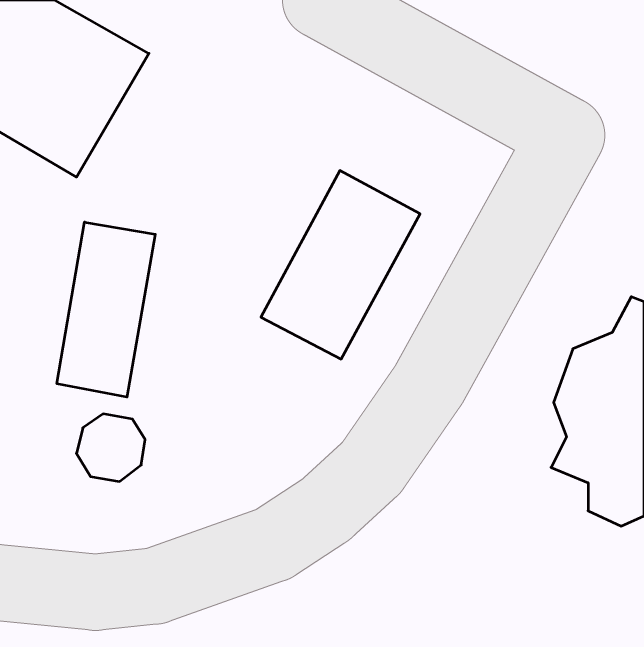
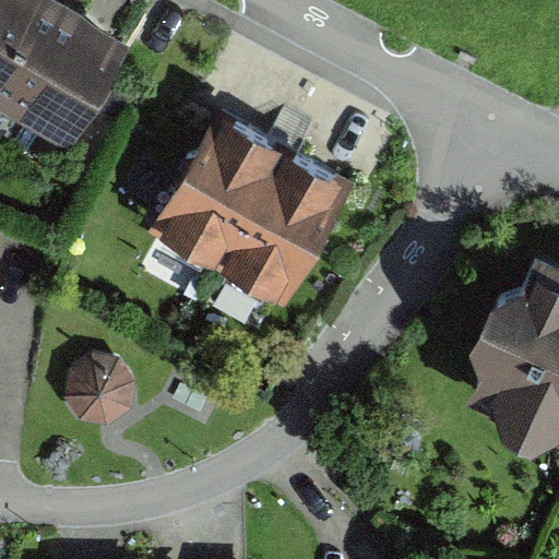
building: none -> [155,114,292,275]
building: [57,222,155,397] -> none

